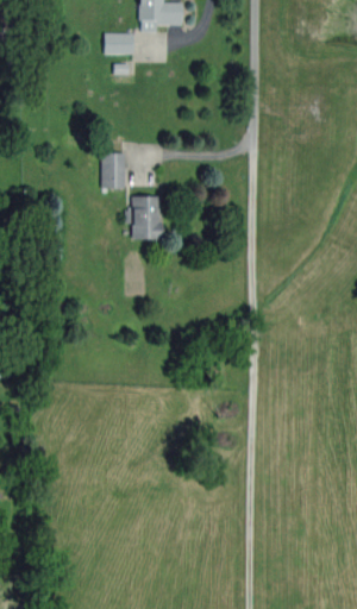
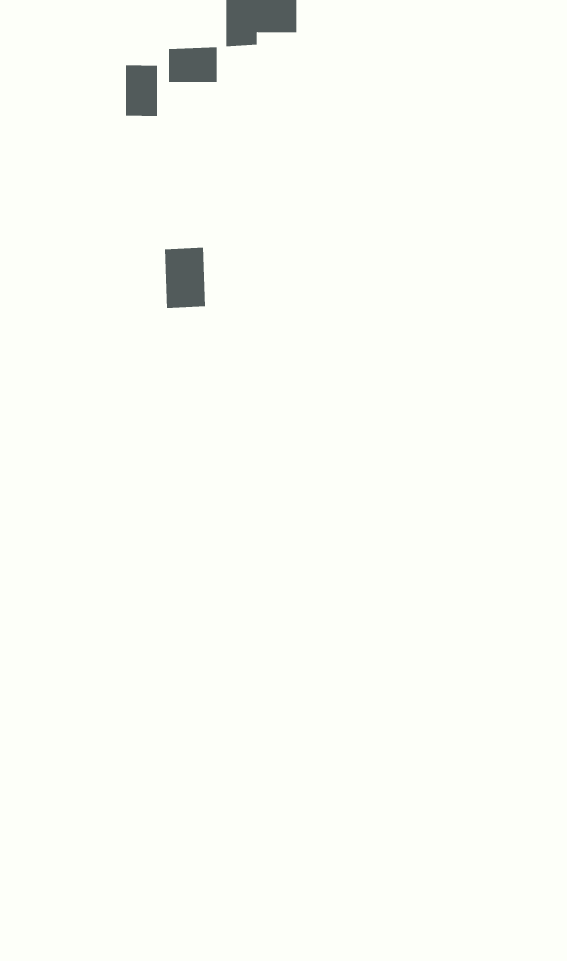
building: none -> [126,65,158,117]
building: [126,196,162,239] -> none

